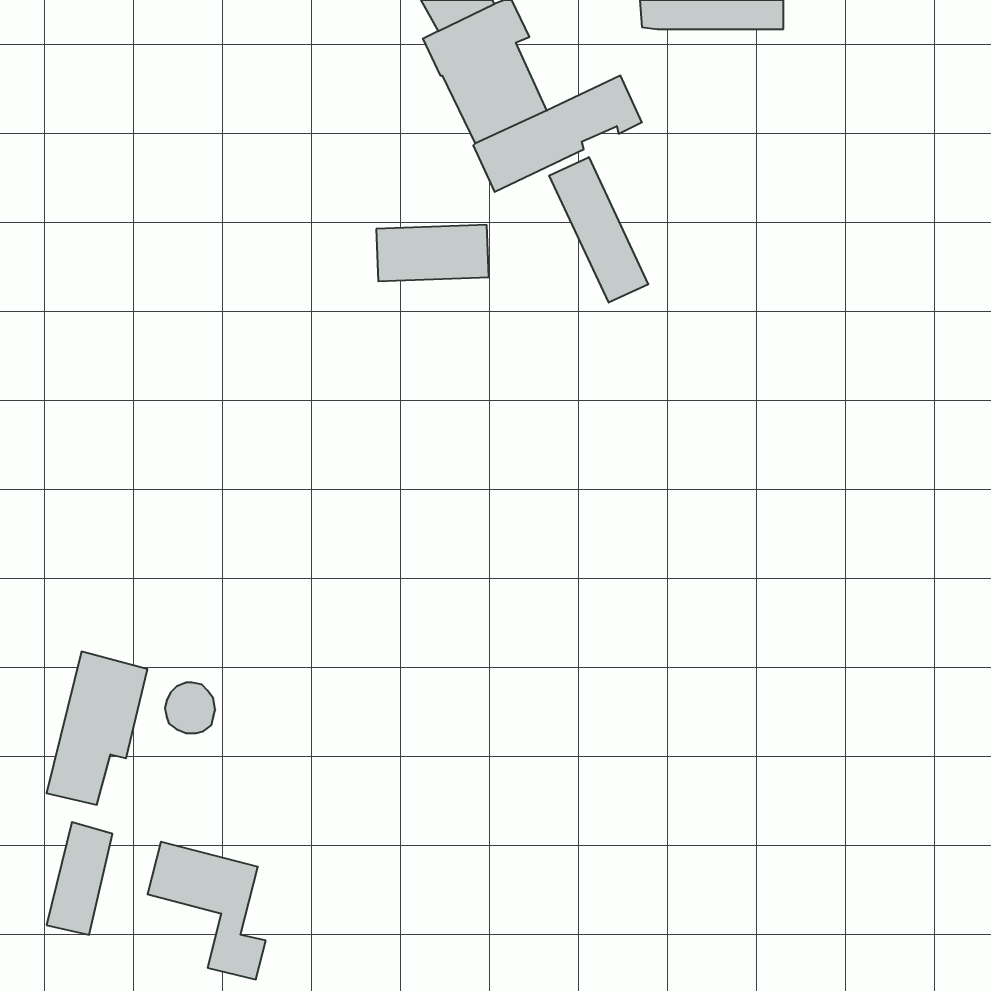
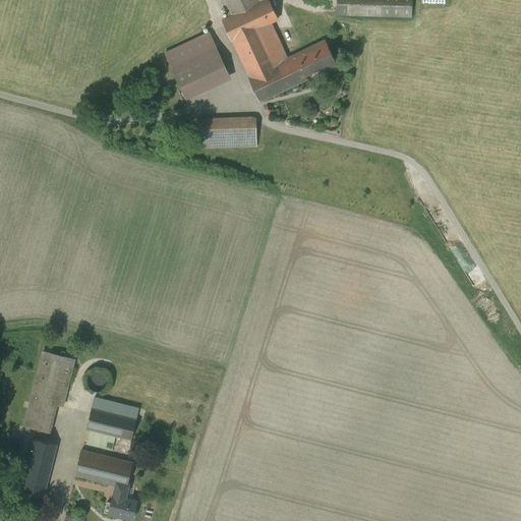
building: none -> [165,33,231,100]
building: [549,157,648,303] -> none
building: none -> [90,399,139,430]

